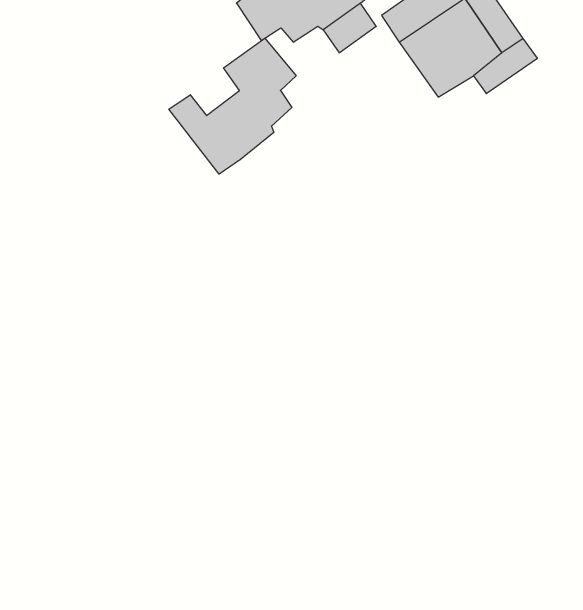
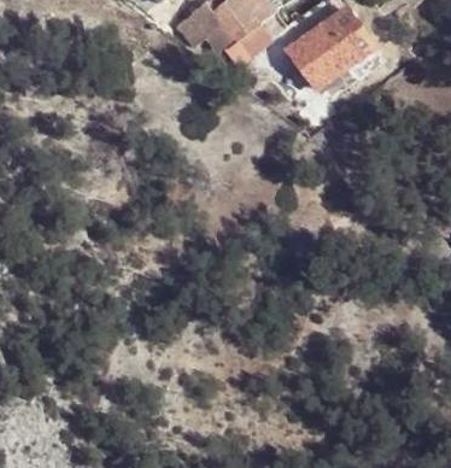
building: [169,38,296,174] -> none

